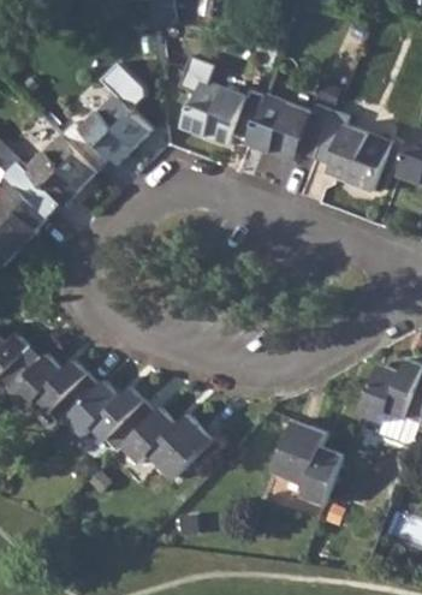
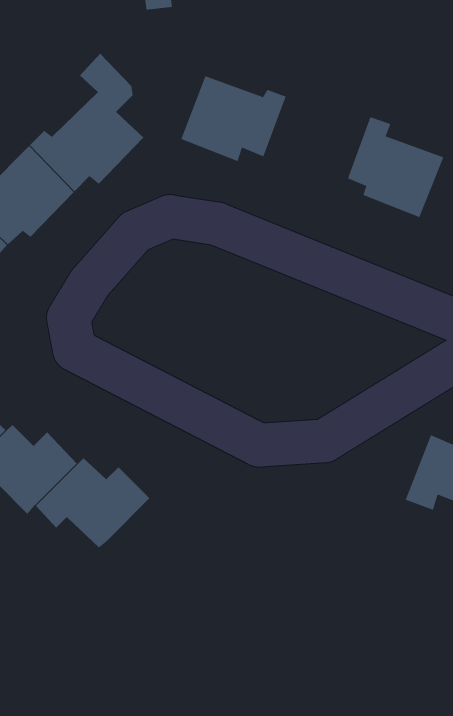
building: [246,95,331,161] -> none
building: [123,407,213,481] -> none
building: [273,421,344,507] -> none

